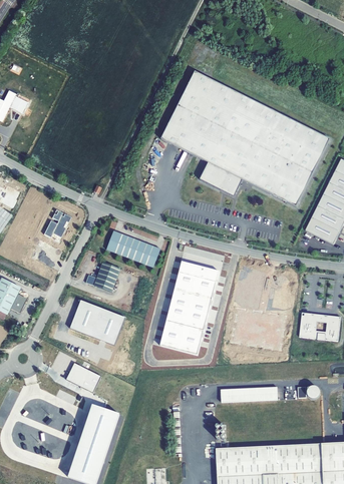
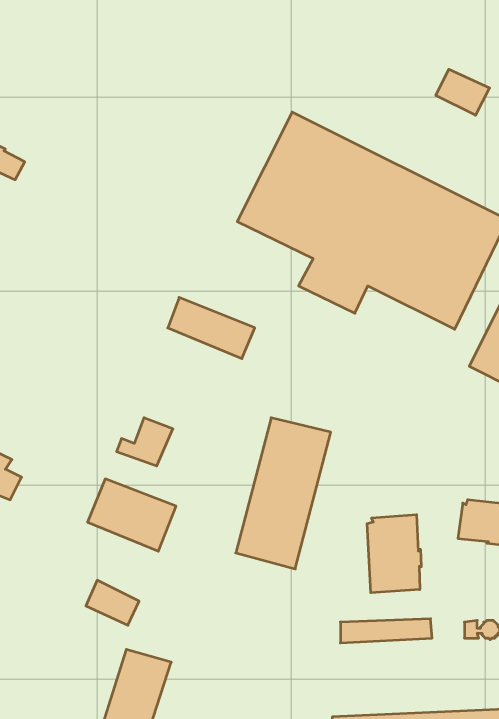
building: none -> [436,69,490,115]
building: [42,209,70,237] -> none
building: [106,229,160,268] -> [168,297,255,359]
building: none -> [367,515,421,593]

